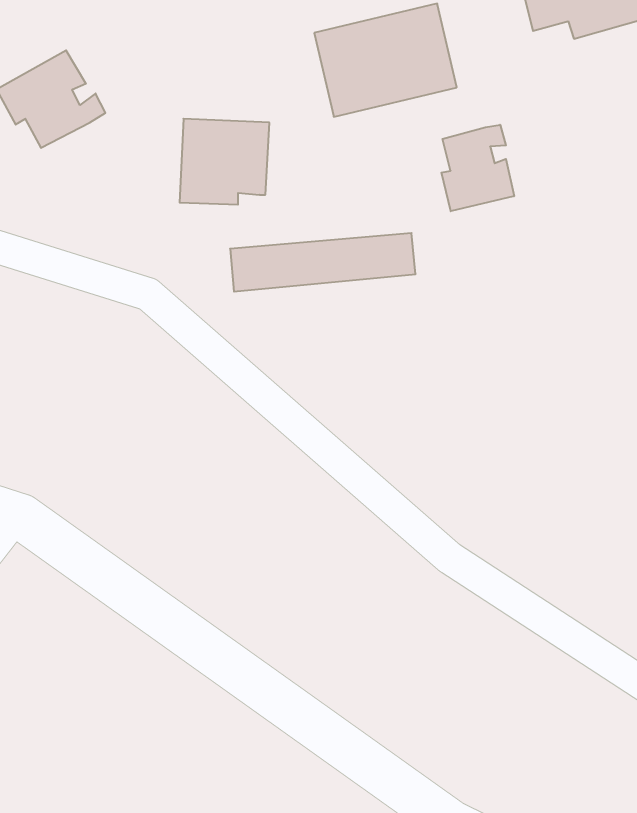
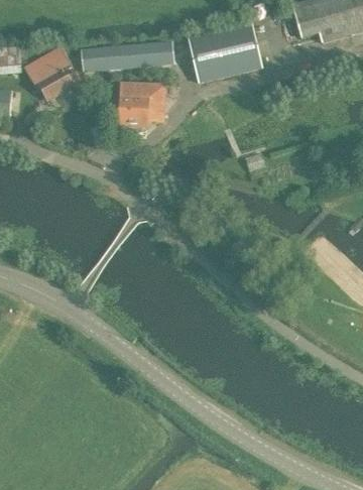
building: [441,125,514,211] -> none
building: [230,233,416,292] -> [81,41,176,72]

